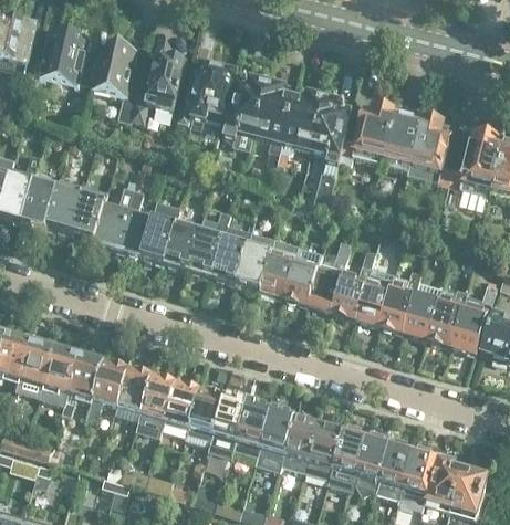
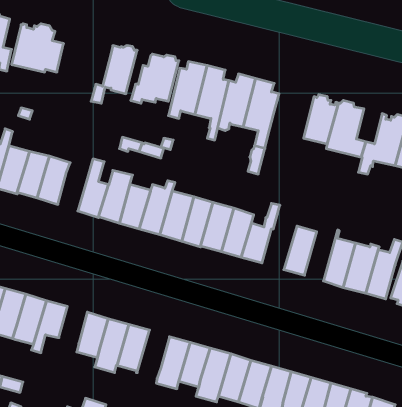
building: [89,41,136,122] -> none
building: [336,107,391,165] -> none
building: [90,187,132,249] -> none
building: [330,249,375,317] -> none
building: [379,269,418,330] -> none
building: [85,360,125,419] -> none
building: [184,388,221,444] -> none

